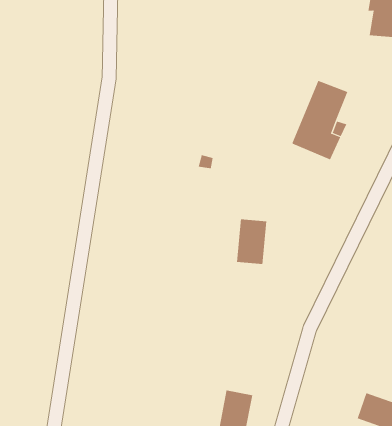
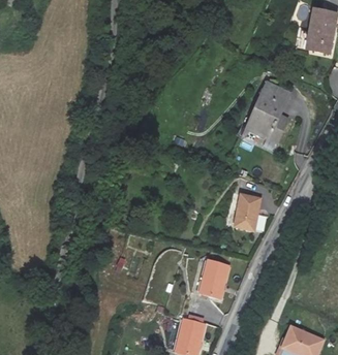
building: [236,219,267,264] -> [234,194,259,230]
building: none -> [198,259,226,297]

